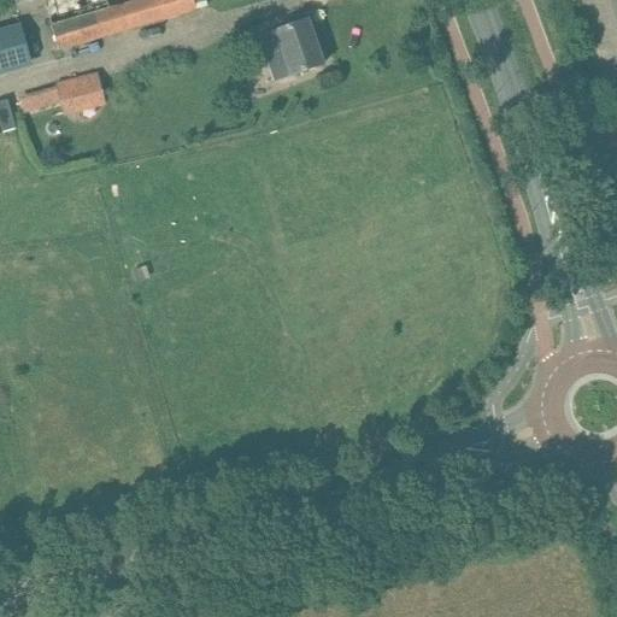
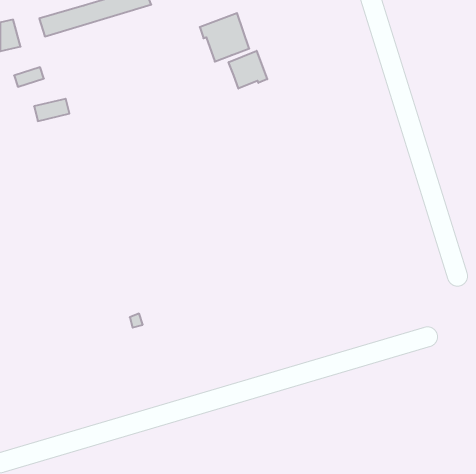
building: none -> [229,51,267,89]
building: [58,74,104,102] -> [34,99,69,121]

